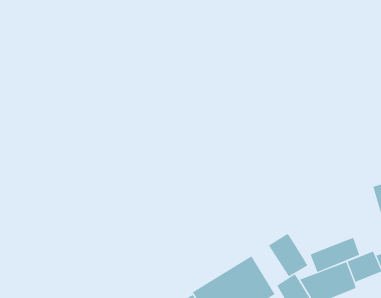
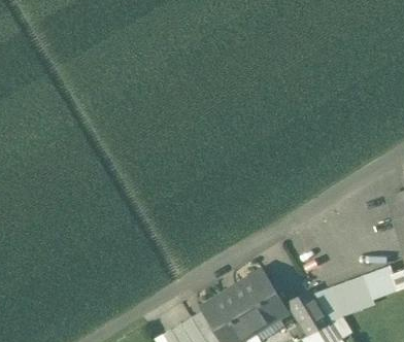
building: [268,233,308,277] -> none
building: [310,237,360,273] -> none

